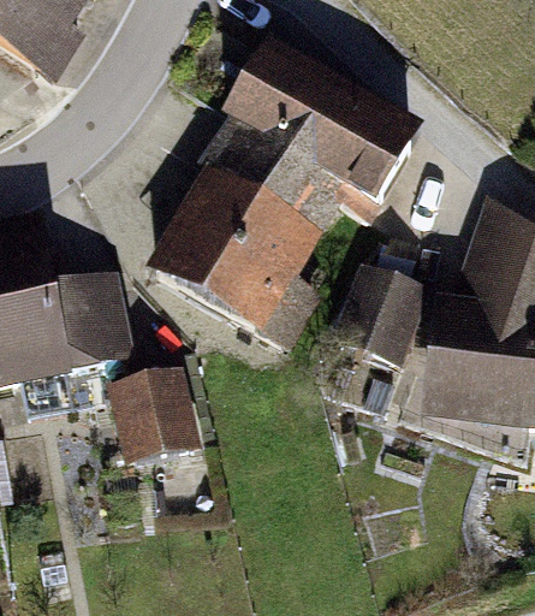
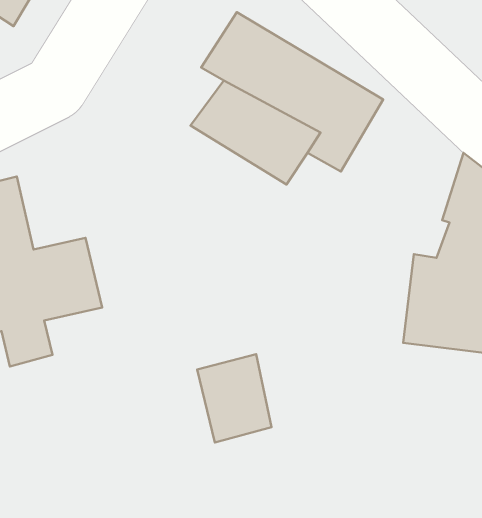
building: [157,171,315,342] -> none
building: [339,273,429,360] -> none
building: [119,368,195,458] -> [197,354,272,443]

